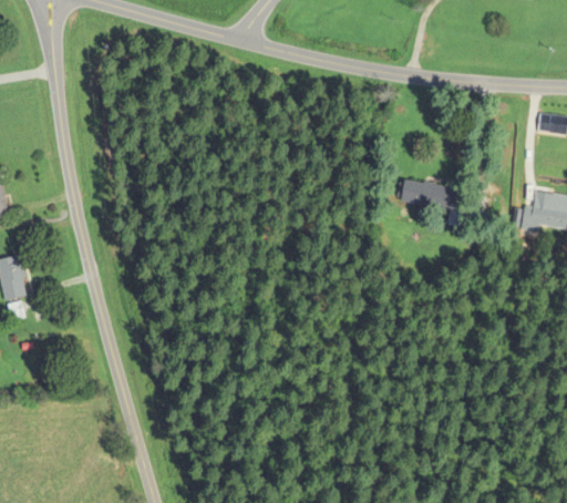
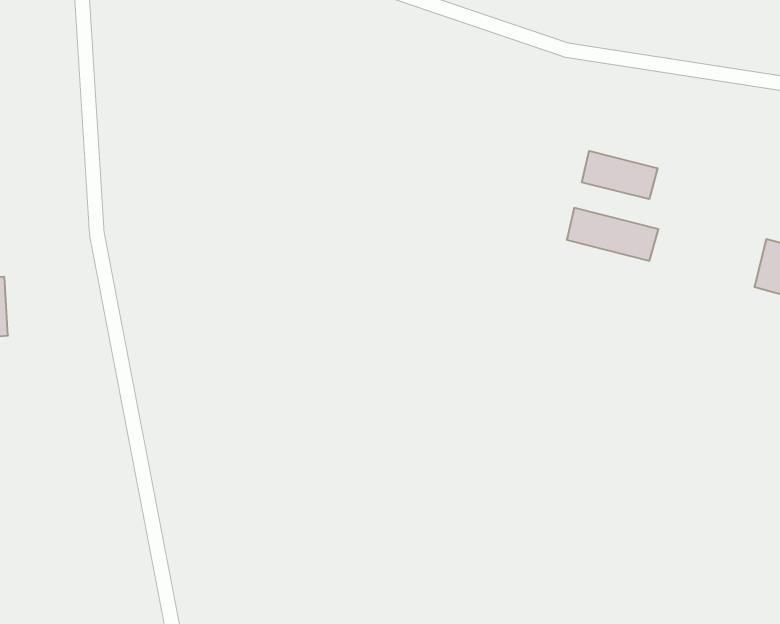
building: none -> [582,151,657,199]

